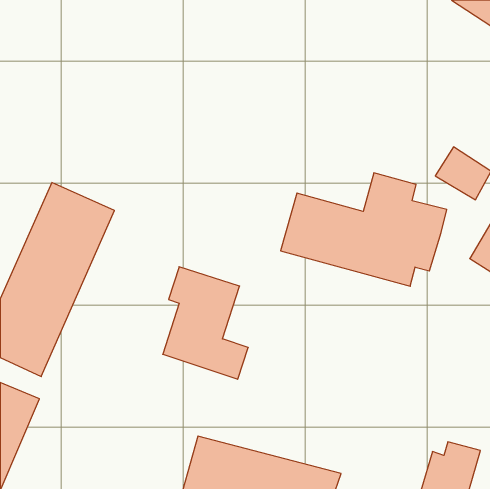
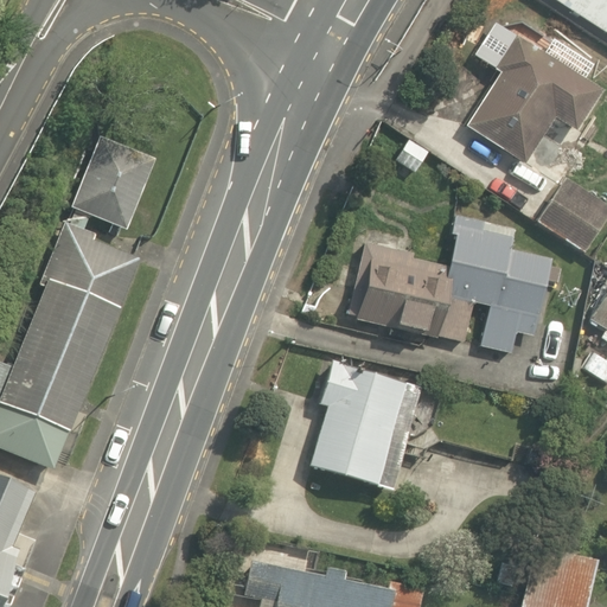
building: none -> [467,40,599,162]
building: none -> [77,147,152,231]
building: [163,267,248,379] -> [309,360,415,499]

